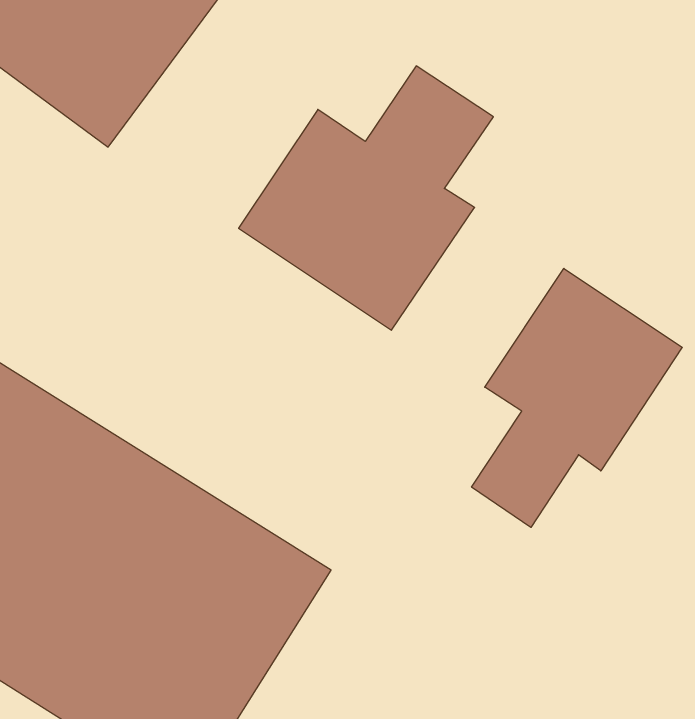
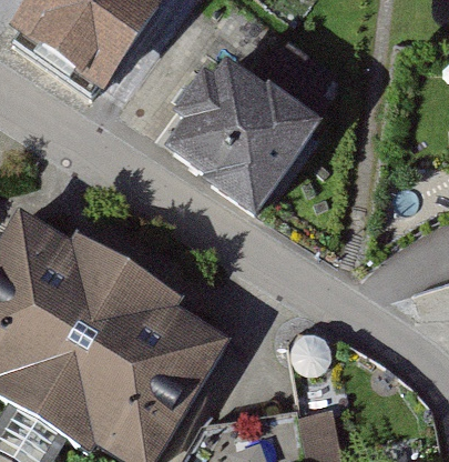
building: [472,268,682,527] -> none

